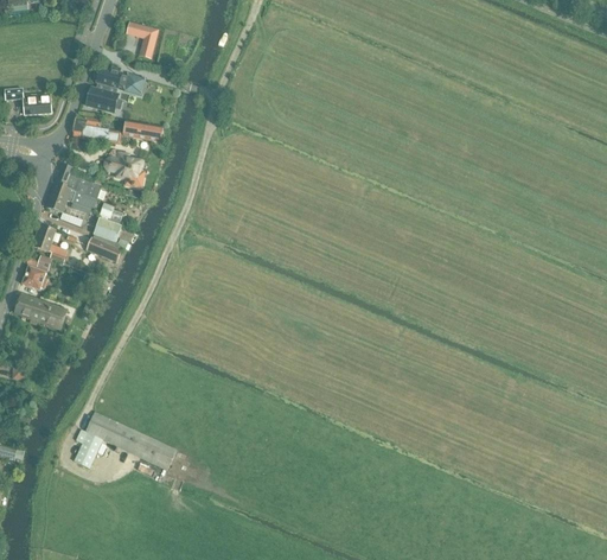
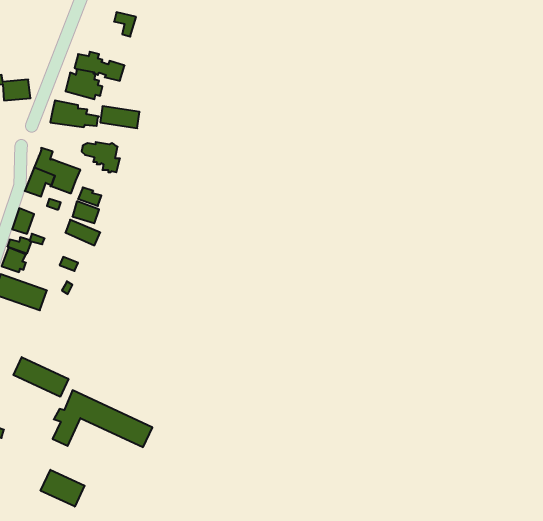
building: none -> [13,357,68,397]
building: none -> [41,470,85,507]

